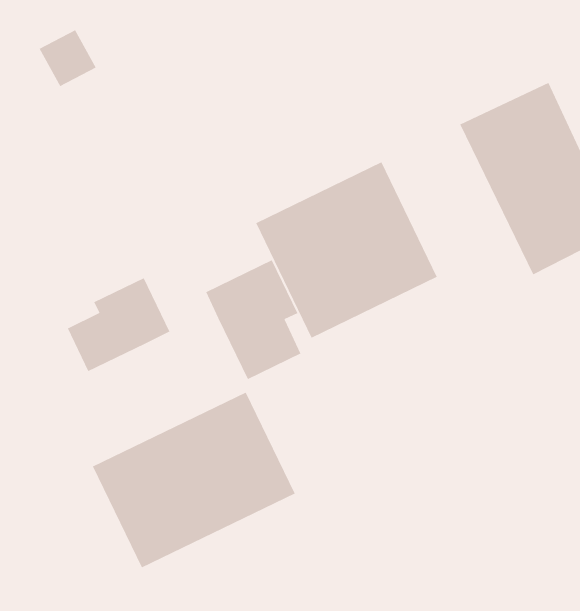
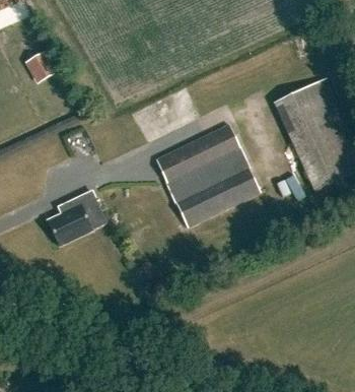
building: [205,259,301,380] -> none
building: [92,391,296,568] -> none

